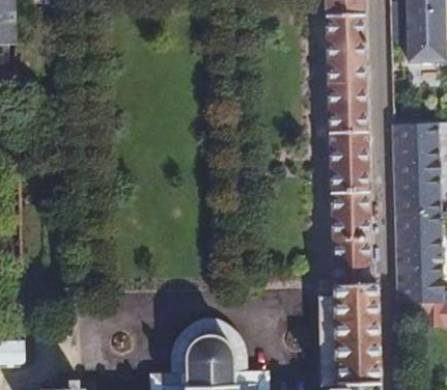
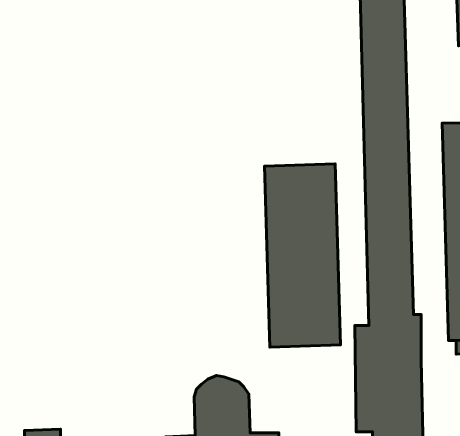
building: none -> [265,164,340,347]

